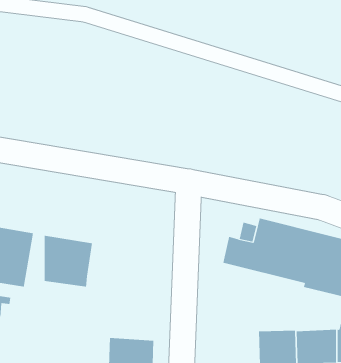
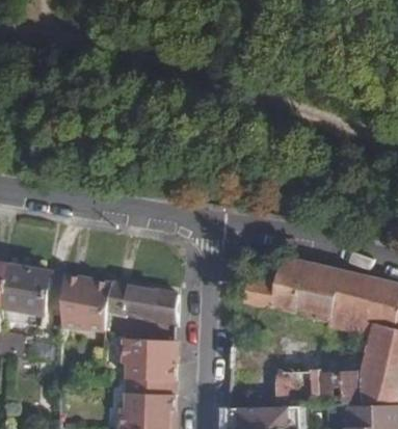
building: none -> [105,283,175,322]
building: none -> [124,339,174,381]

